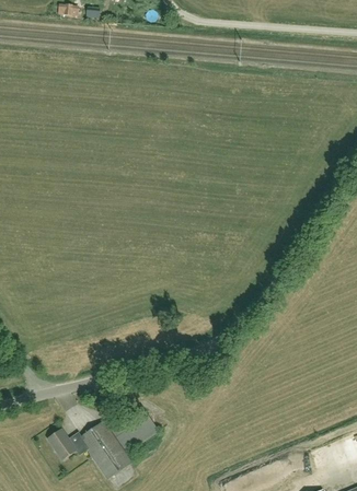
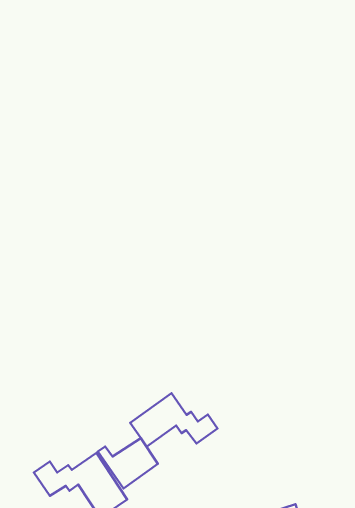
building: none -> [130,393,218,447]

